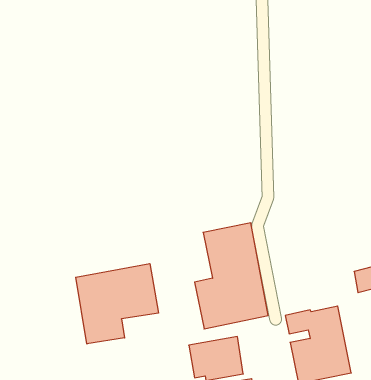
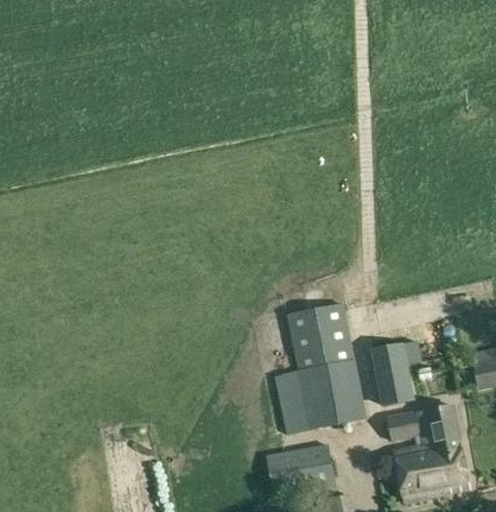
building: none -> [369,342,415,406]
building: [76,264,158,344] -> none

